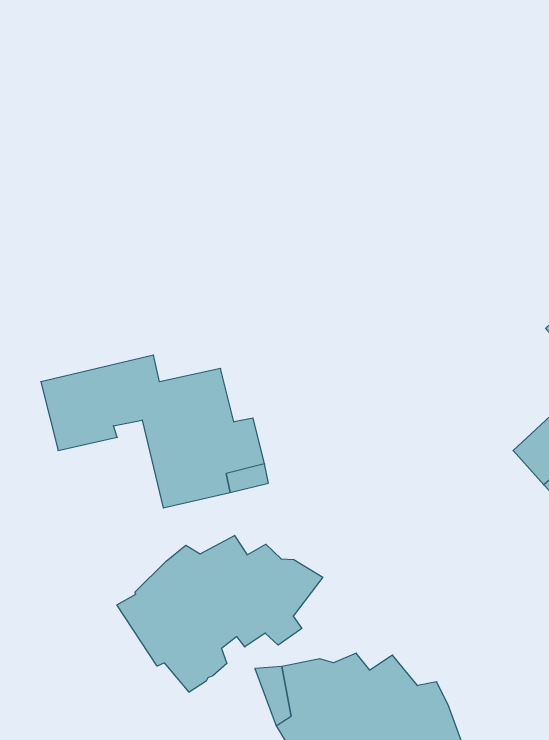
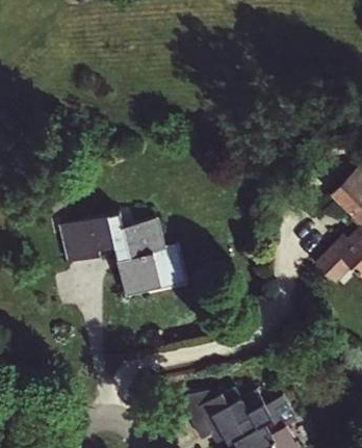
building: [117,535,323,692] -> none

